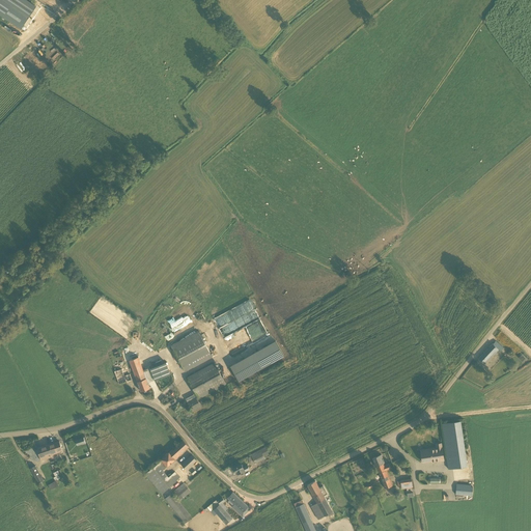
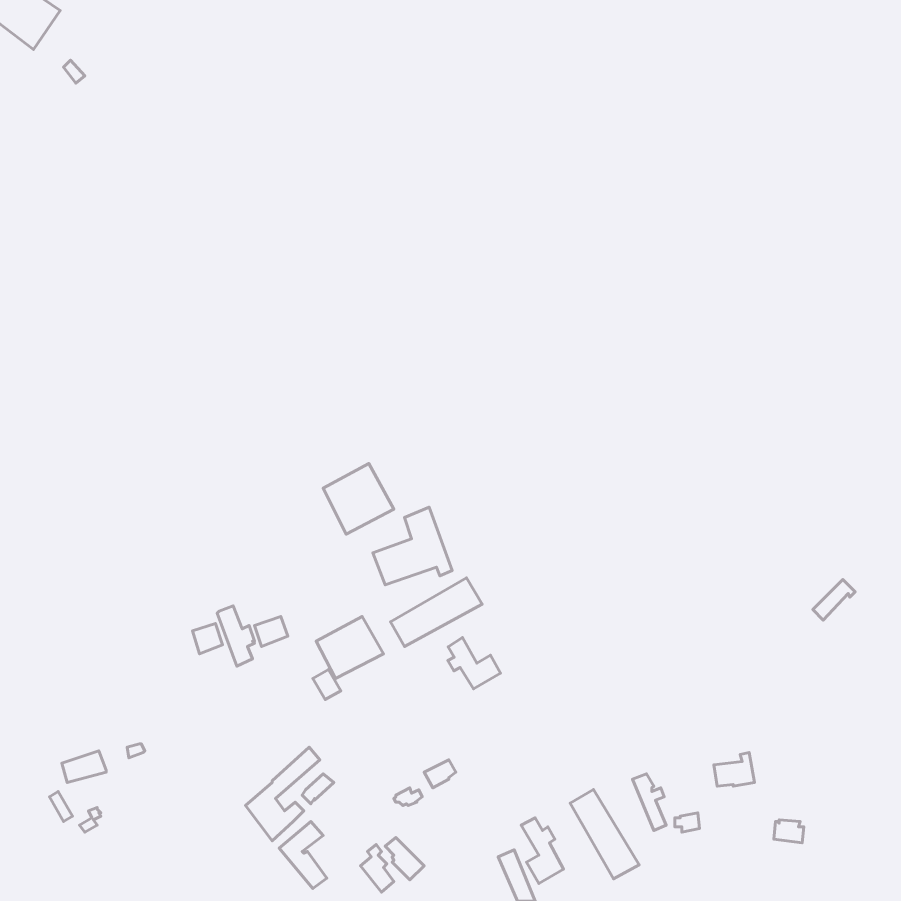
building: [170,330,212,371] -> [323,463,394,534]
building: none -> [448,638,500,689]
building: [441,420,466,468] -> none
building: none -> [570,790,639,879]

